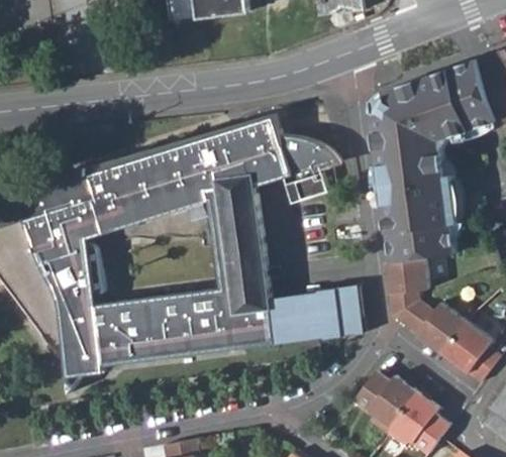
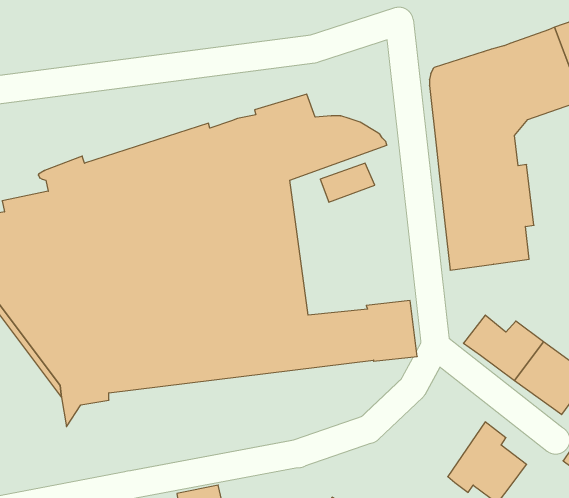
building: [384,256,431,322] -> none
building: [357,367,419,433] -> none

